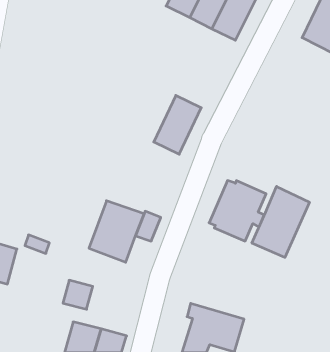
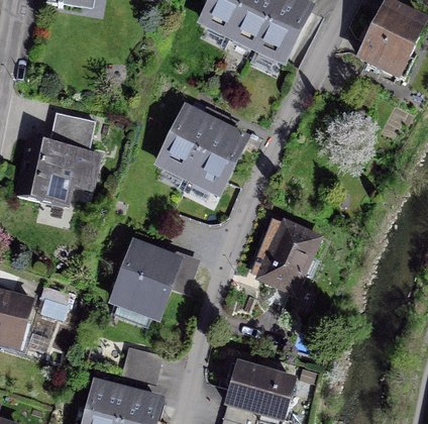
building: none -> [162,111,215,178]
building: none -> [18,114,98,205]
building: [252,186,309,257] -> none
building: [63,280,93,309] -> [123,348,157,382]

